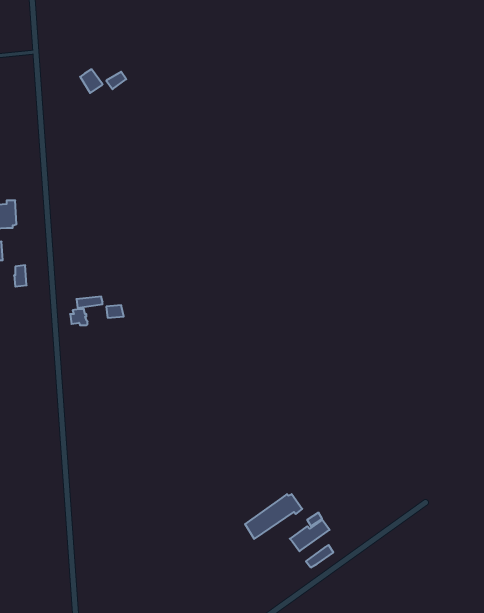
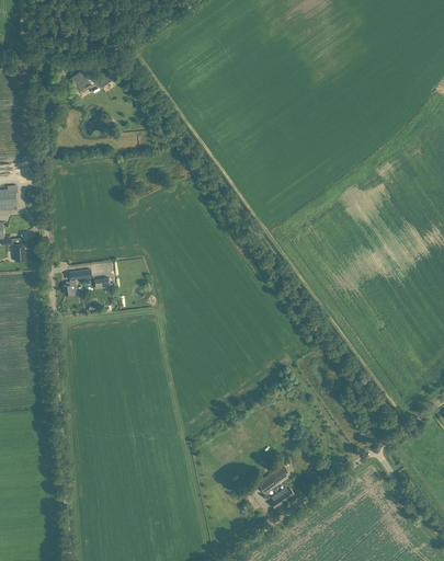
building: [245,494,302,539] -> none

